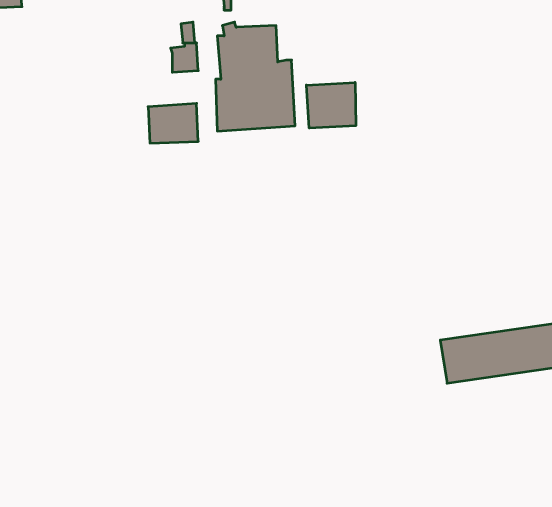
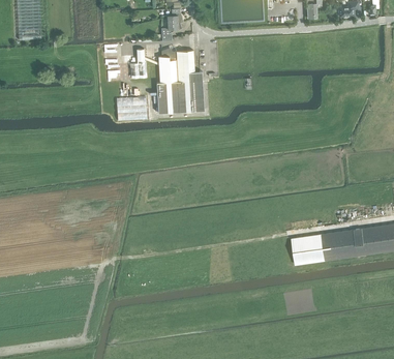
building: [306,82,356,128] -> none

